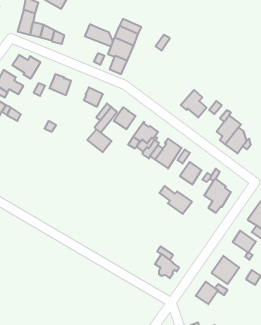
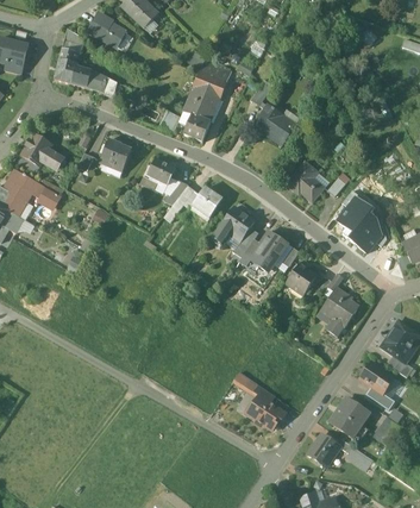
building: [85,24,113,47] -> none
building: none -> [256,104,295,145]
building: [12,55,40,79] -> none
building: [87,130,112,152] -> none
building: [159,186,192,214] -> none

